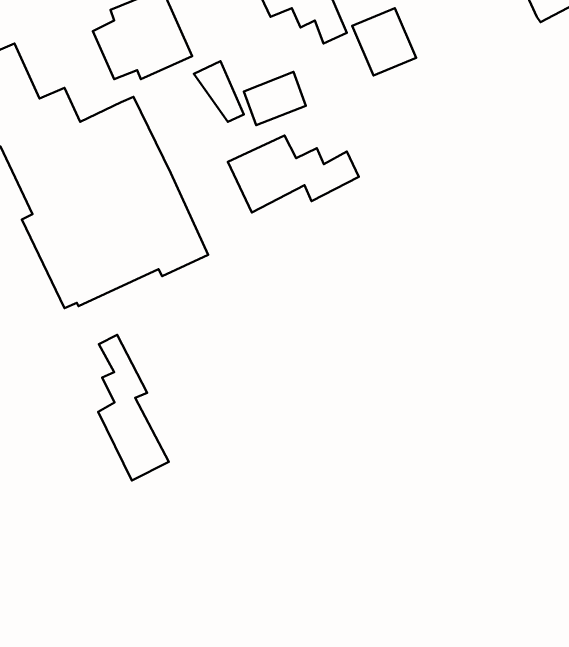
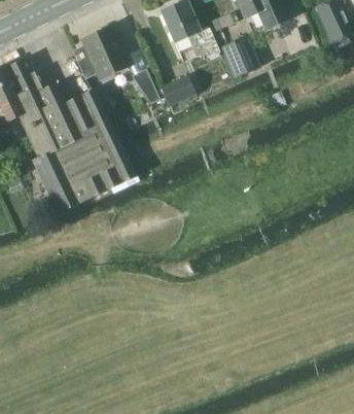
building: [228,136,359,213] -> none
building: [98,335,169,480] -> none

